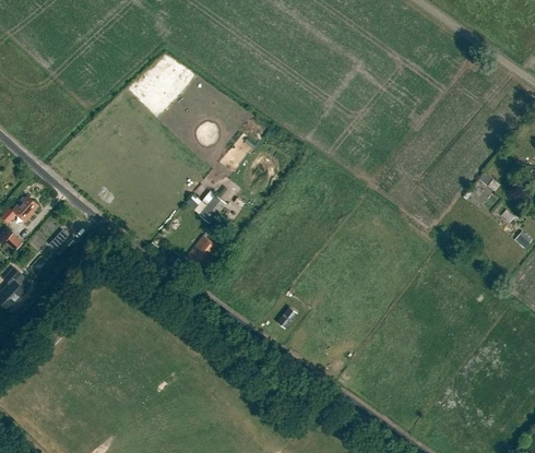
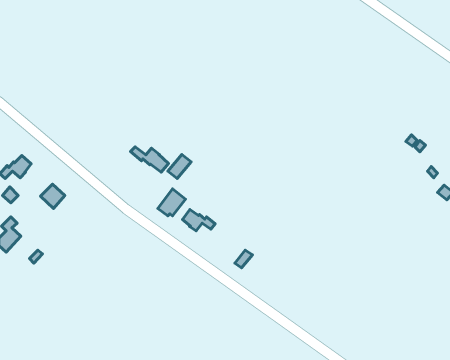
building: none -> [131,147,169,172]
building: none -> [183,210,215,231]

